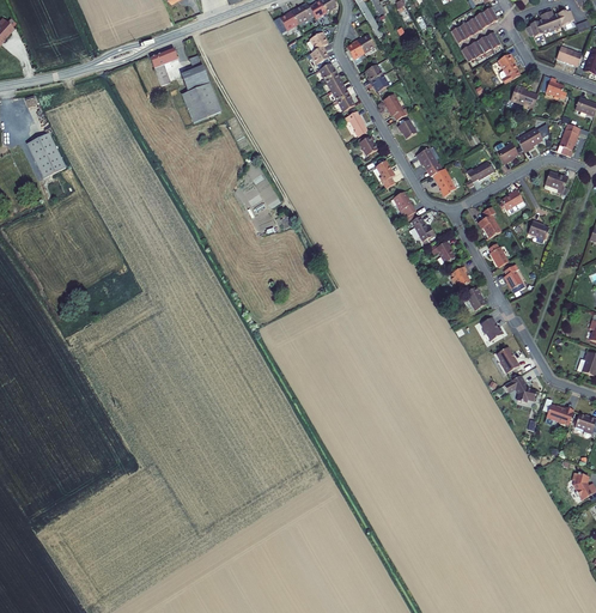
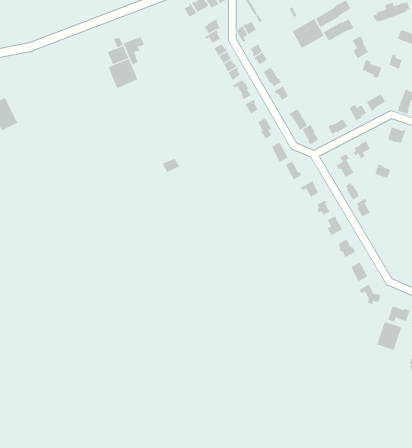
building: none -> [292,18,325,49]
building: [150,48,178,85] -> [123,37,145,65]
building: none -> [377,321,402,351]

